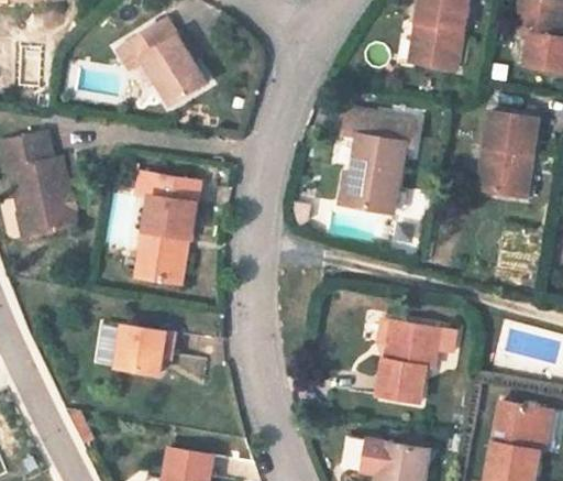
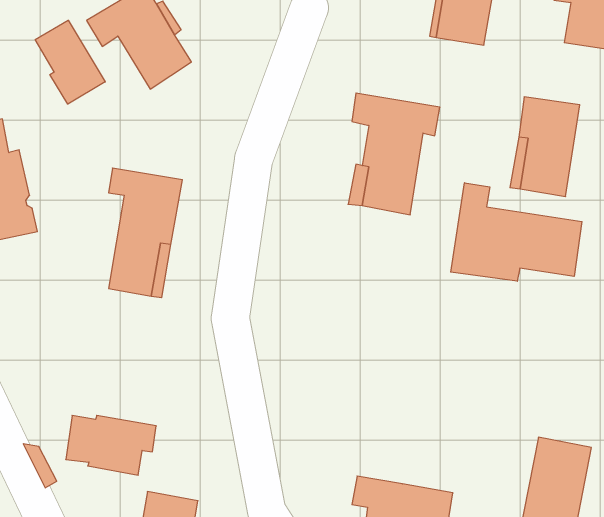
building: none -> [35,20,105,104]
building: none -> [451,183,582,281]
building: [377,318,455,403] -> none
building: [97,324,174,374] -> [66,415,156,475]

